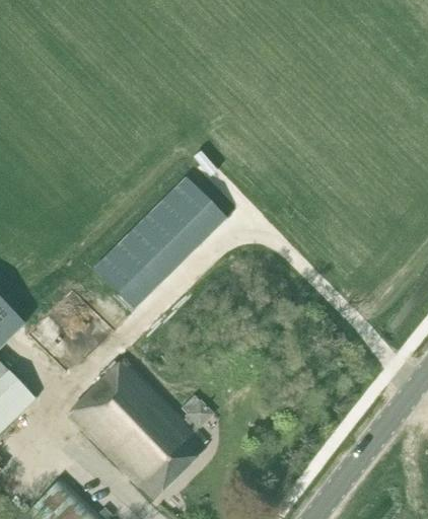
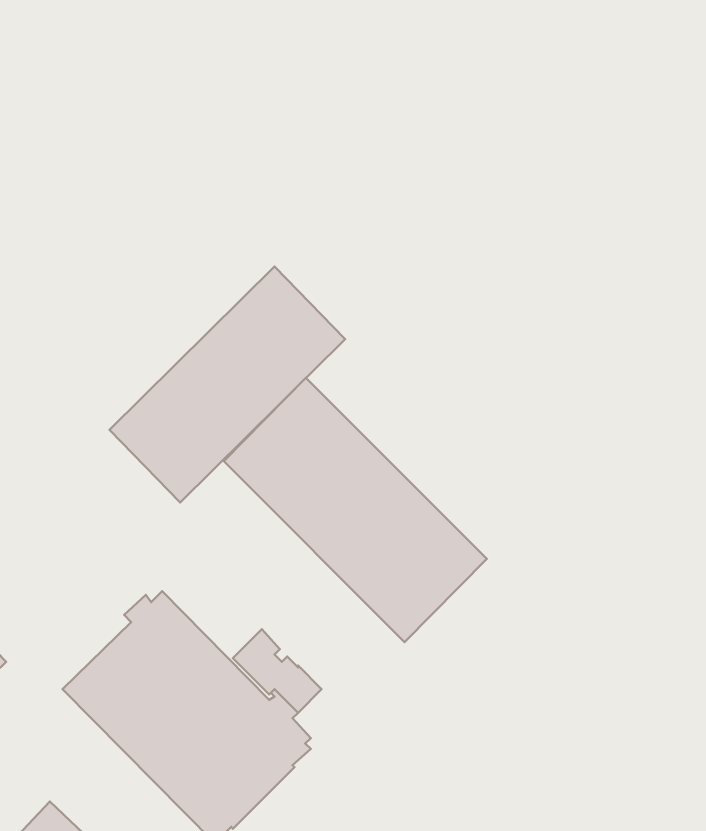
building: none -> [224,378,487,642]

